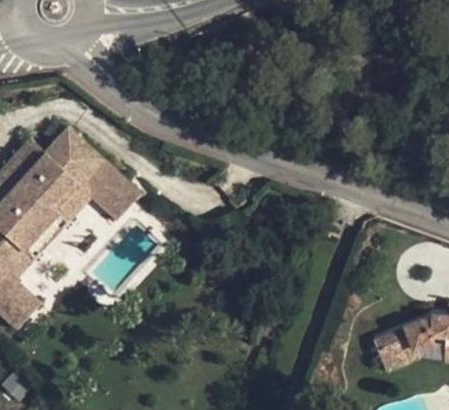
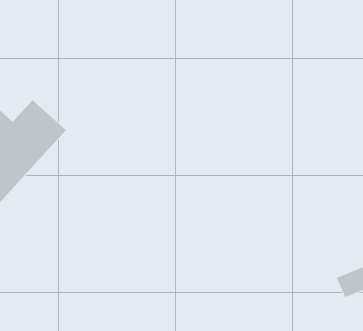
building: [86,167,135,216] -> none
building: [377,331,422,378] -> none

